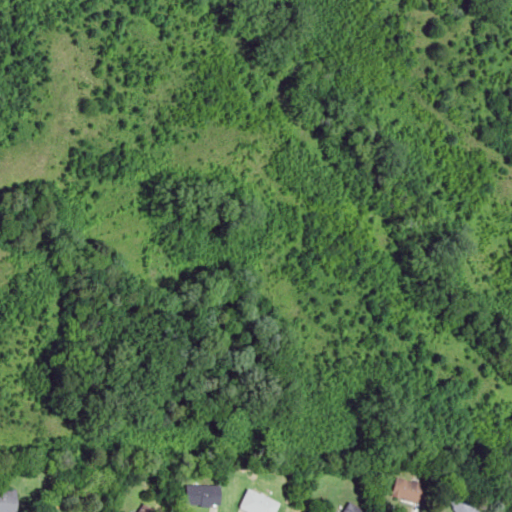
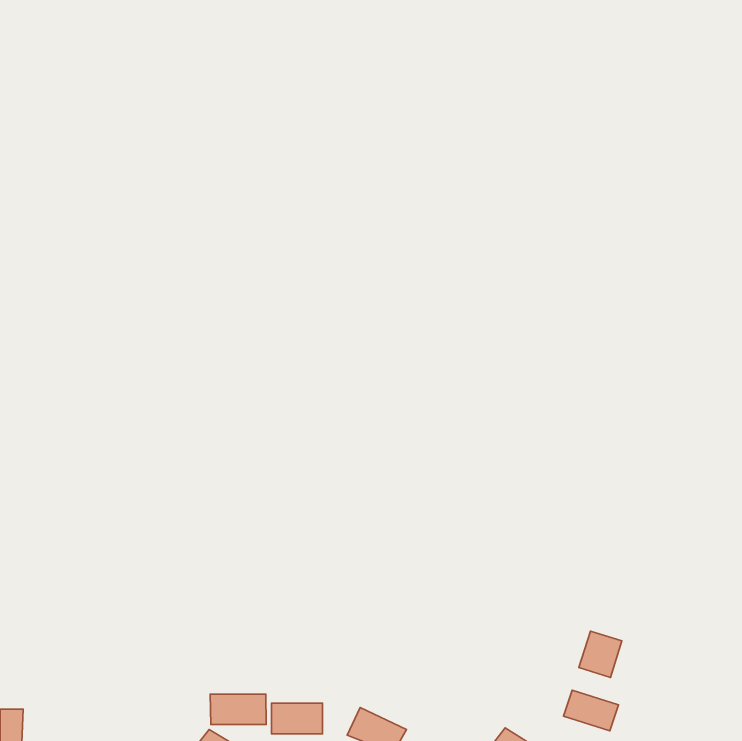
building: none -> [579,631,622,678]
building: none -> [210,694,266,725]

